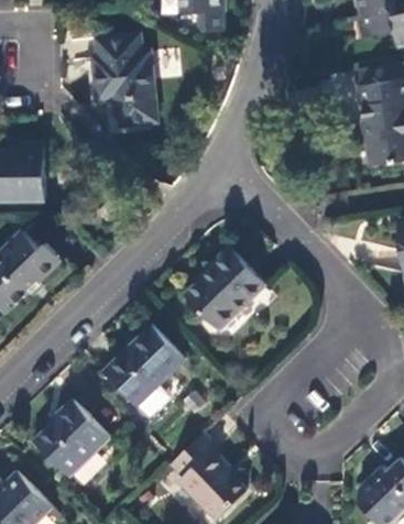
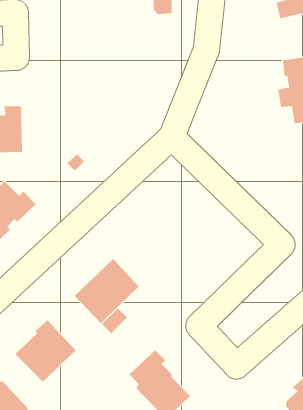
building: [91,34,155,124] -> none
building: [185,249,263,328] -> none

